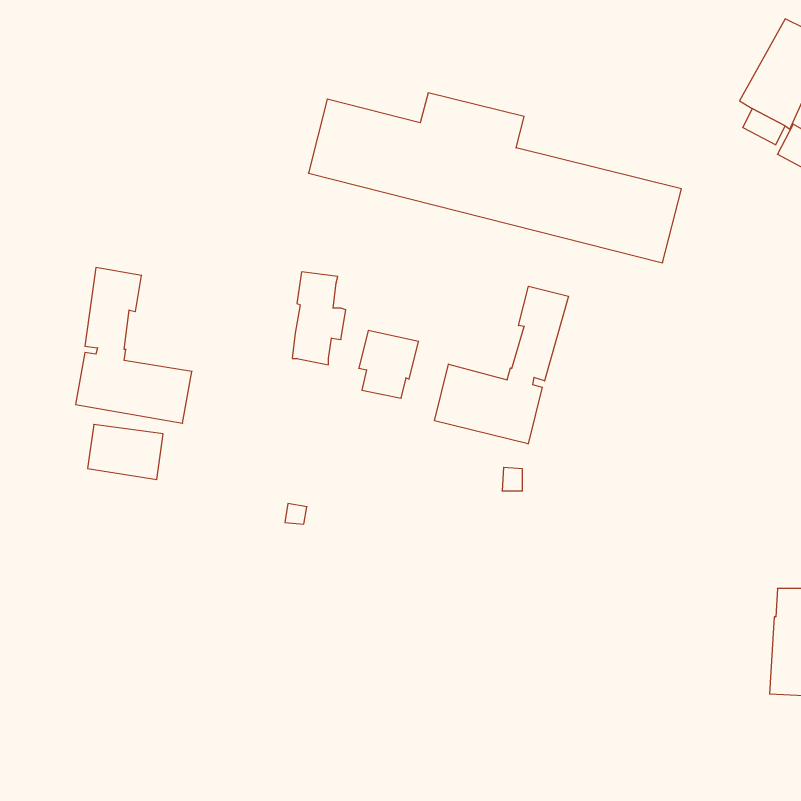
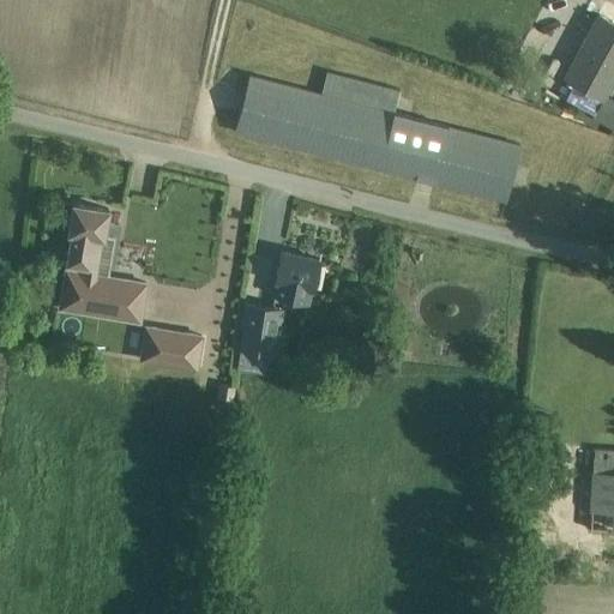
building: [292,272,346,365] -> [240,305,281,375]
building: [435,286,568,444] -> none
building: [88,424,163,480] -> [144,329,201,371]

